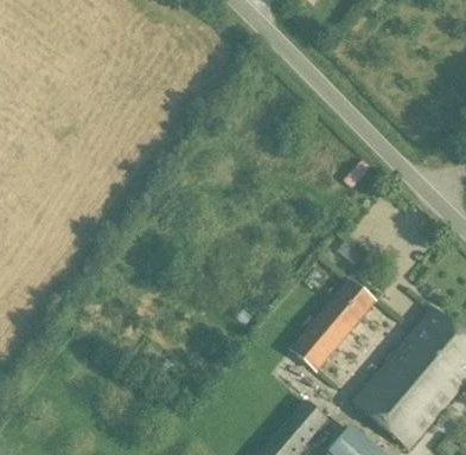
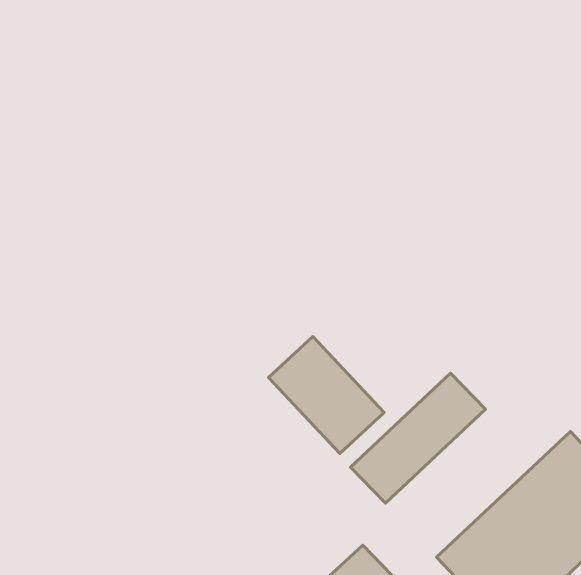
building: none -> [268,337,384,453]

